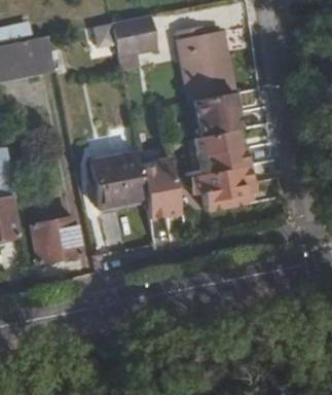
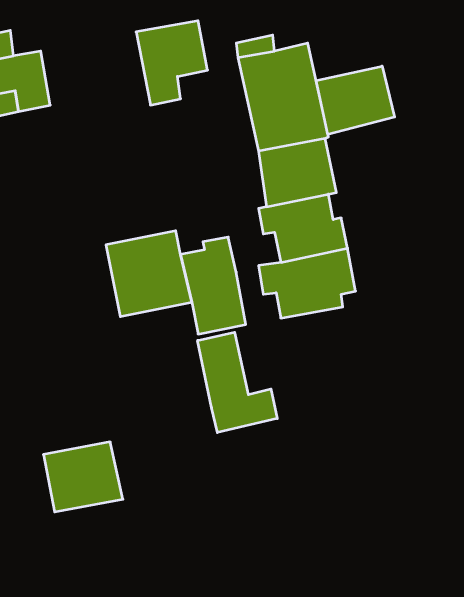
building: none -> [316,66,395,134]
building: none -> [198,332,277,433]
building: [31,217,82,262] -> [43,442,123,512]

